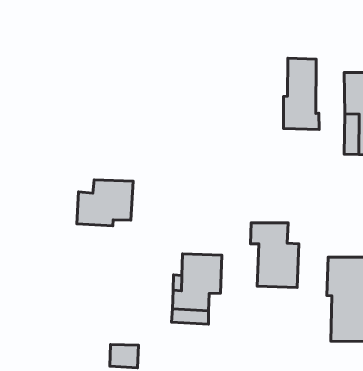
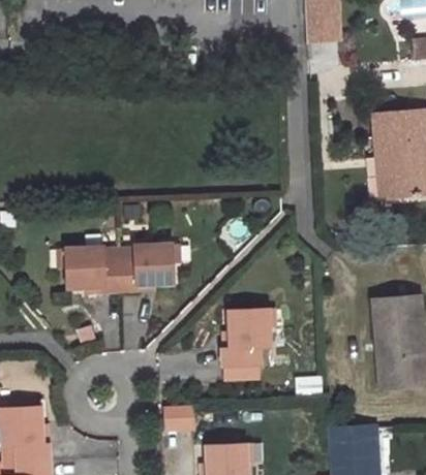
building: [283,58,319,130] -> none
building: none -> [64,245,120,291]
building: [250,223,299,288] -> none

